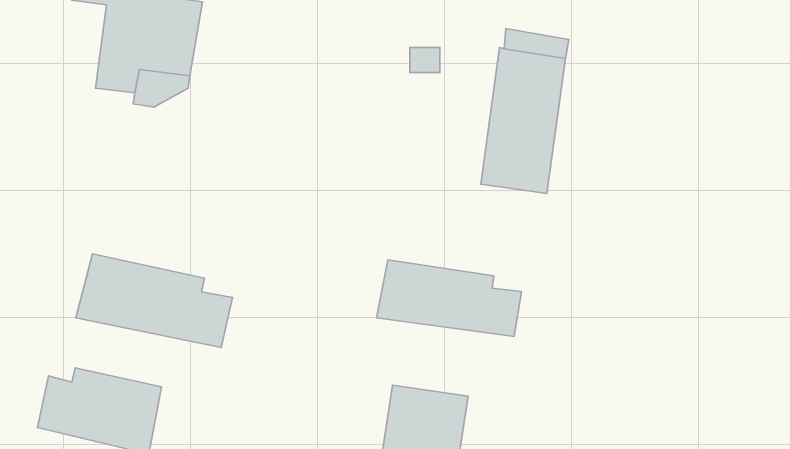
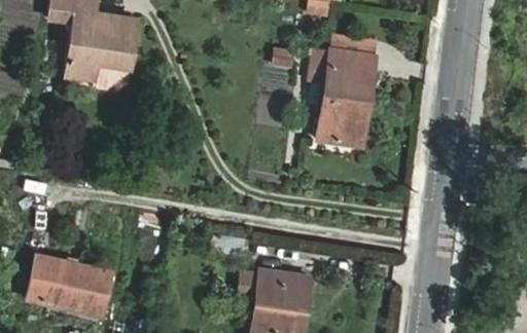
building: [76,254,233,347] -> none
building: [376,260,521,337] -> none

